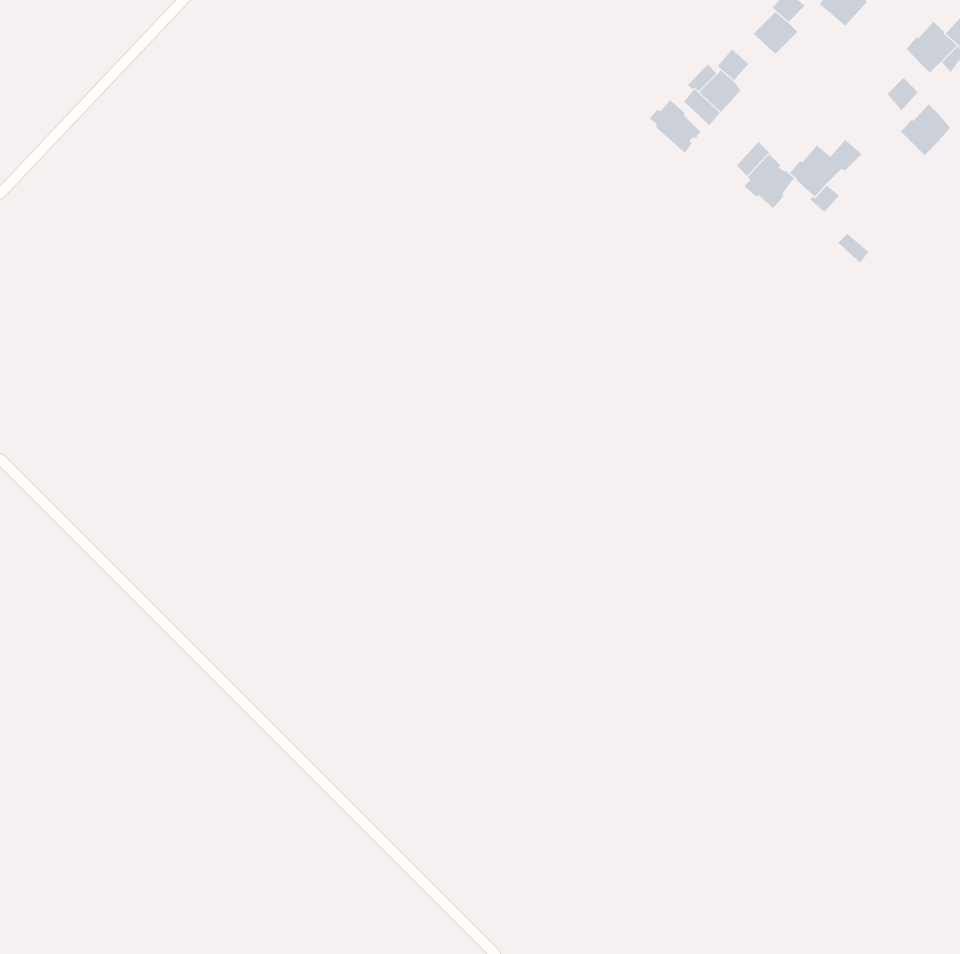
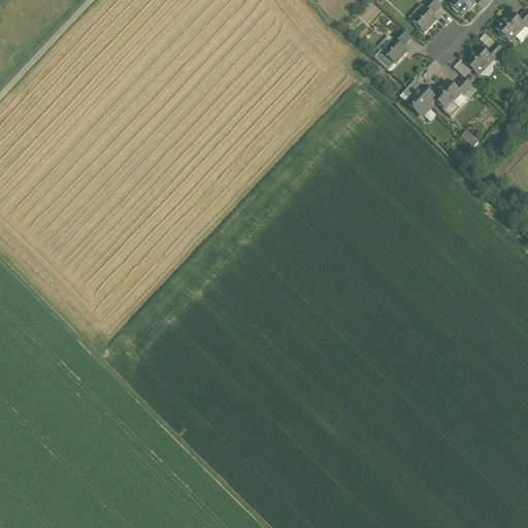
building: [649,99,703,155] -> none
building: [900,103,951,156] -> [465,45,493,74]

